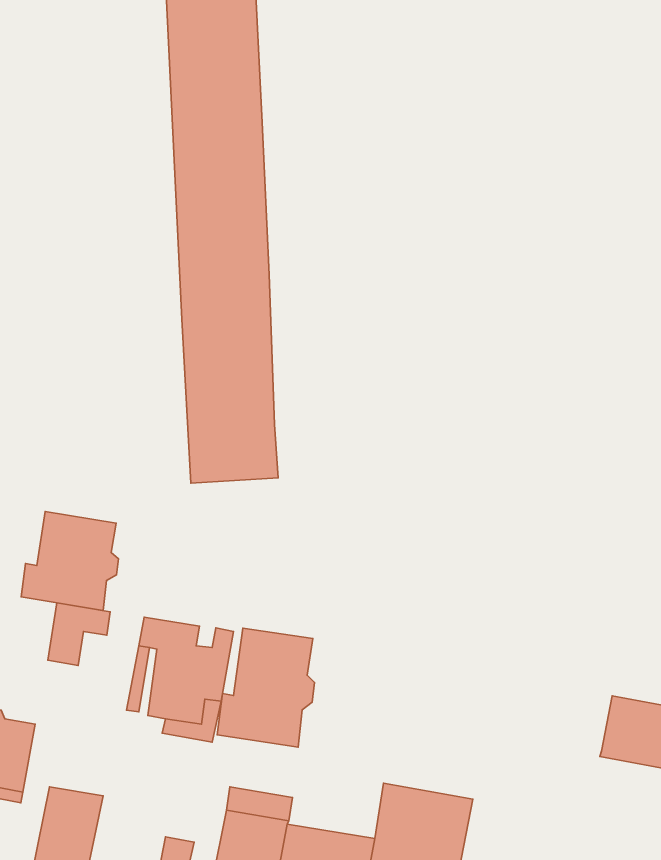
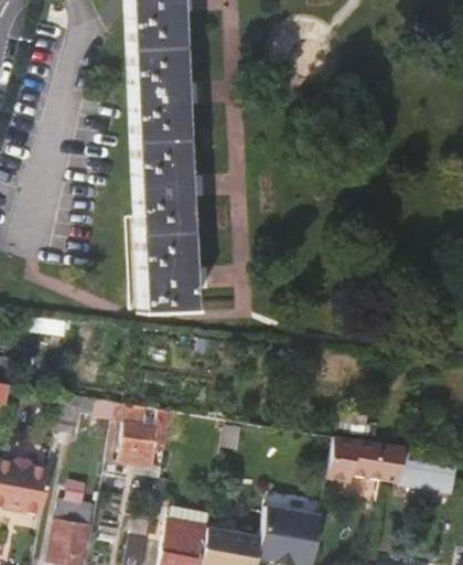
building: [21,511,119,611] -> none
building: [217,628,314,747] -> none
building: none -> [326,435,406,483]

